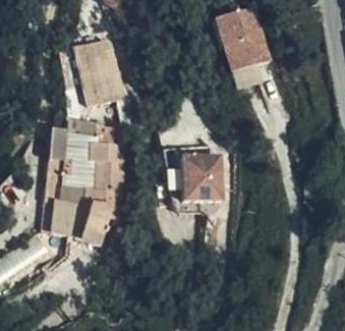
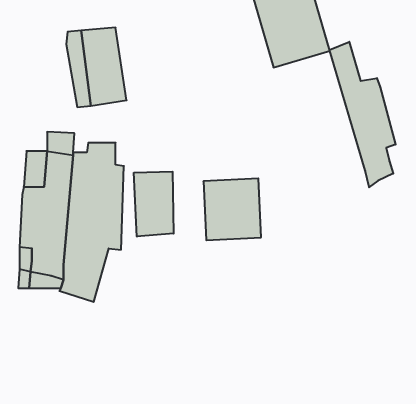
building: none -> [329,42,396,187]
building: none -> [134,172,174,237]

